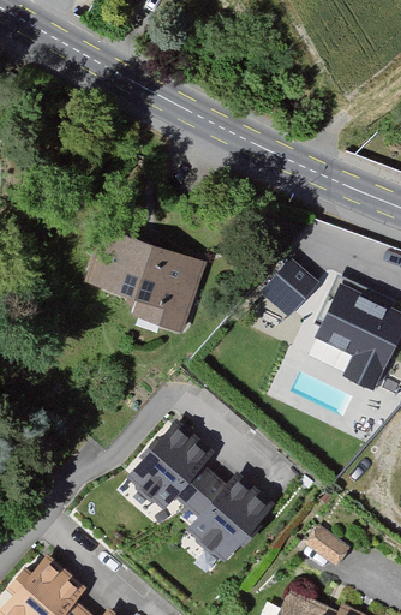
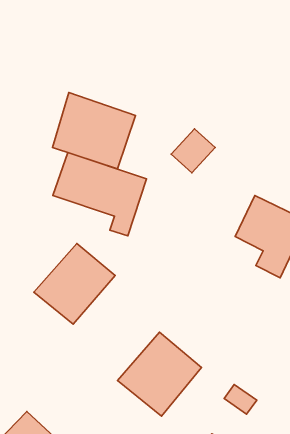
building: none -> [52,93,135,169]
building: [263,258,319,315] -> [171,129,215,173]
building: [116,418,221,521] -> [34,244,115,324]

